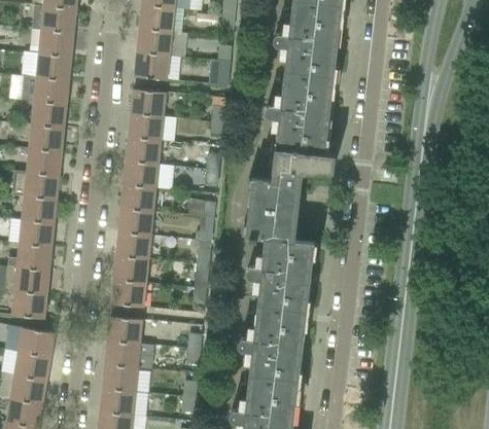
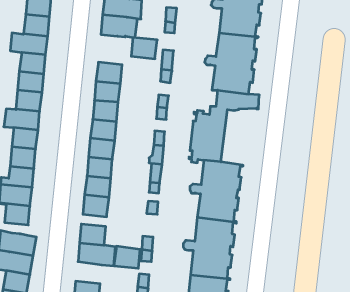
building: [132,90,165,116] -> [131,38,157,59]
building: [103,364,136,392] -> [114,246,140,268]

